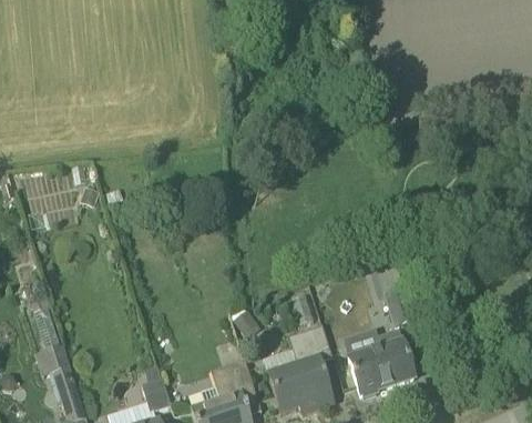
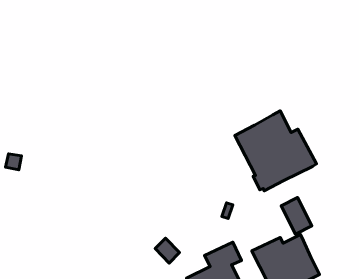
building: none -> [235,111,317,191]

